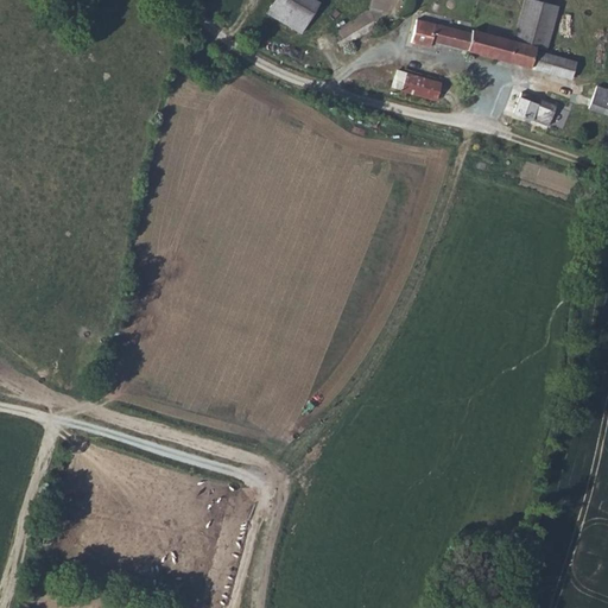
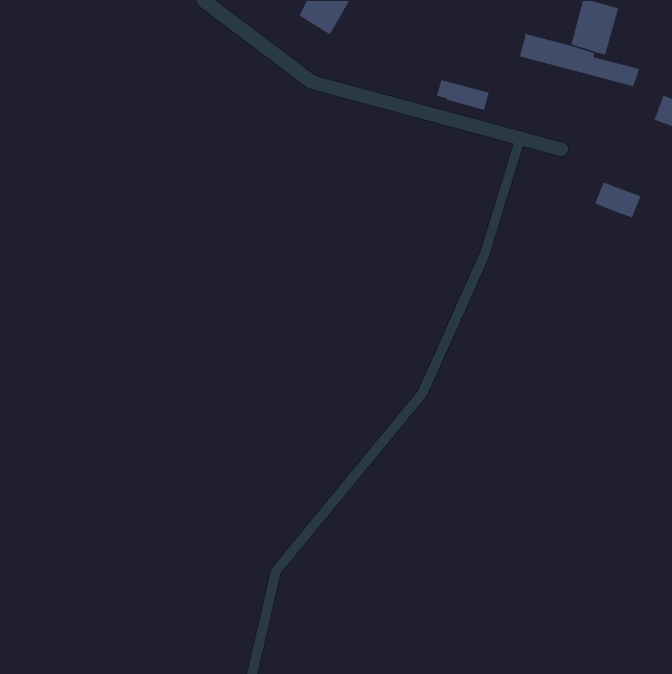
building: [413,19,474,51] -> none
building: [515,93,558,126] -> [594,181,642,218]

